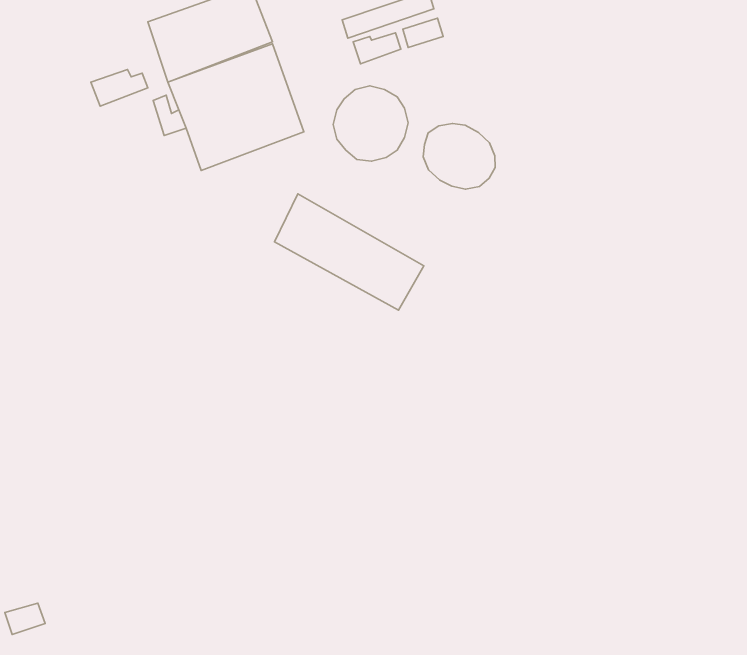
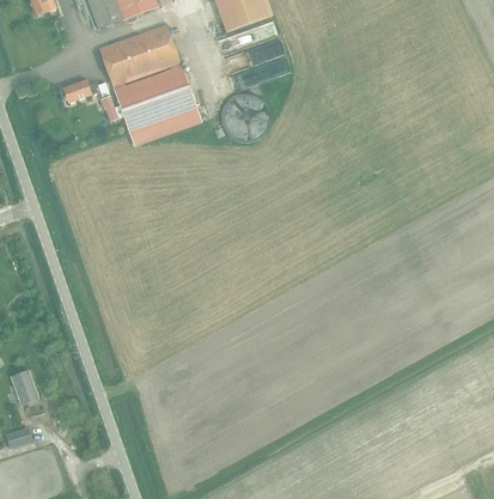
building: [423,123,495,189] -> none
building: [275,194,424,310] -> none
building: none -> [10,371,37,406]

